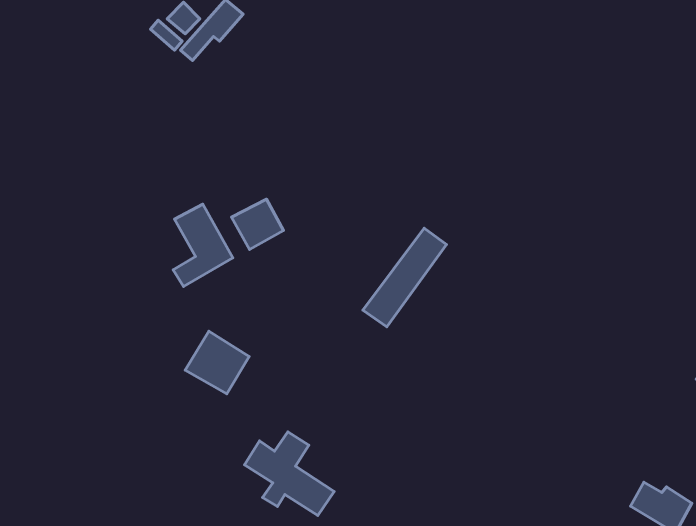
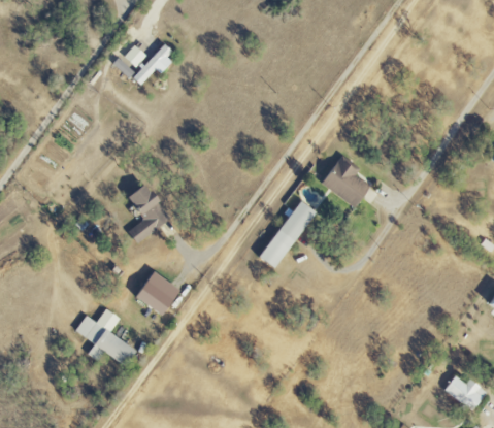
building: none -> [321,157,370,207]
building: [232,199,283,250] -> none
building: [245,432,334,516] -> [75,308,137,366]

